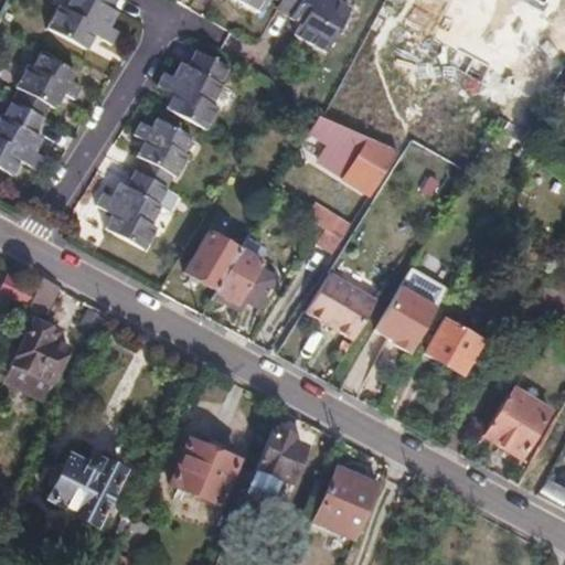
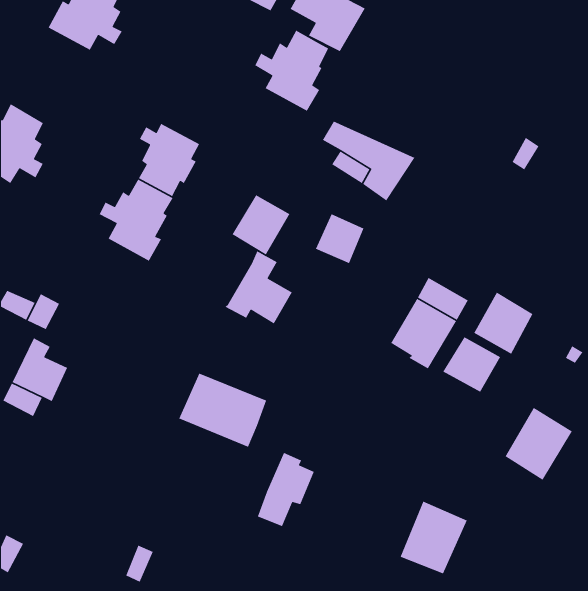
building: [158,49,230,127] -> [254,29,329,112]
building: [13,51,83,117] -> none
building: [186,232,243,290] -> [231,194,290,255]
building: [305,271,377,339] -> none
building: none -> [473,292,533,355]
building: [172,441,257,513] -> [178,373,267,448]
building: [50,455,121,524] -> none
building: [316,469,381,540] -> [400,500,468,575]

